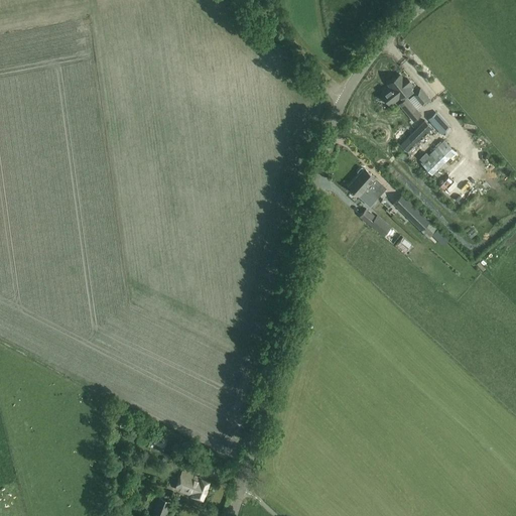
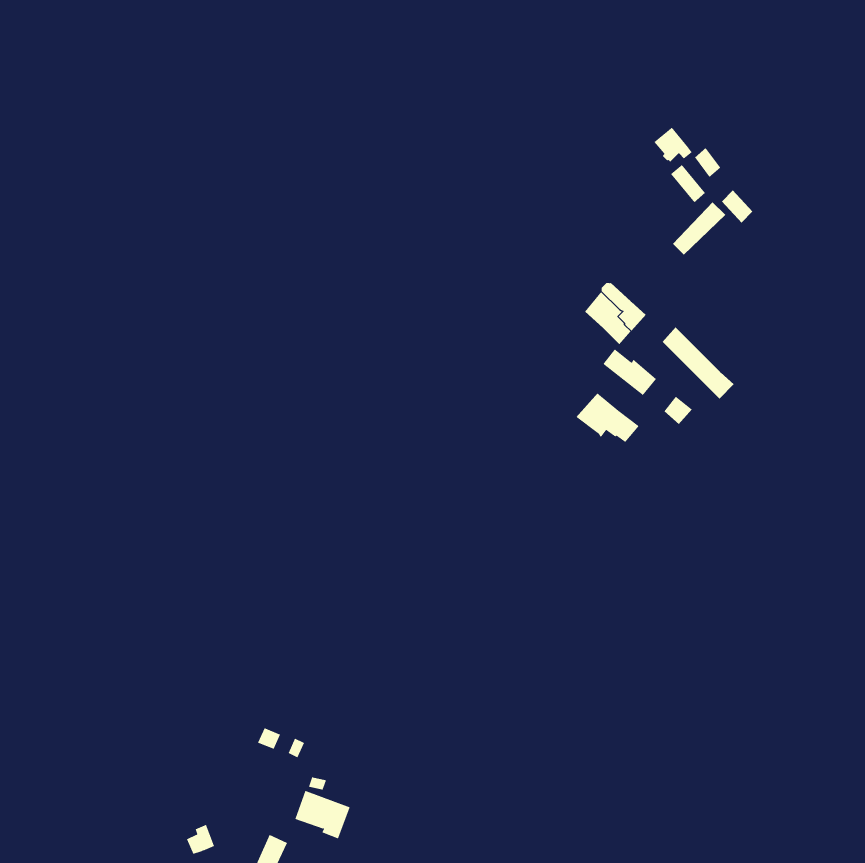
building: [420,143,454,176] -> none
building: none -> [576,392,640,443]

